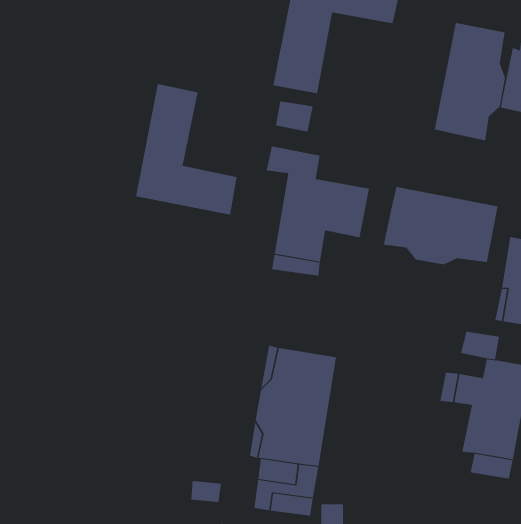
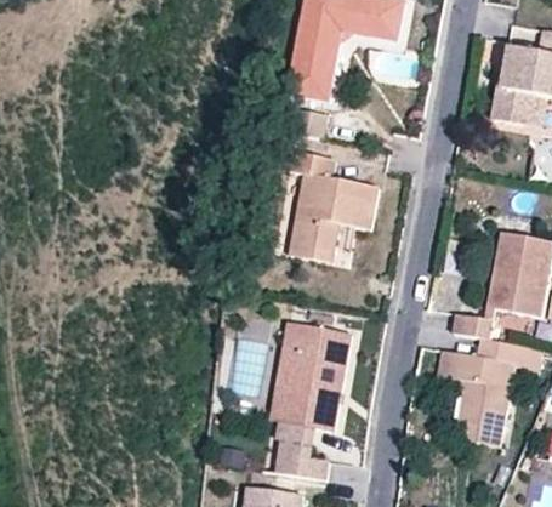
building: [434,22,505,142] -> none
building: [135,83,237,216] -> none
building: [383,186,498,265] -> none

